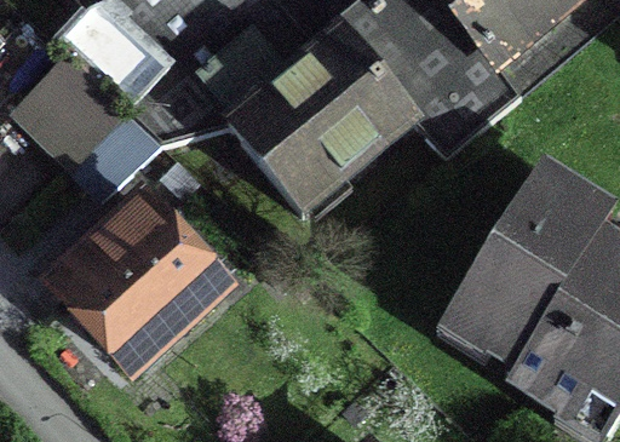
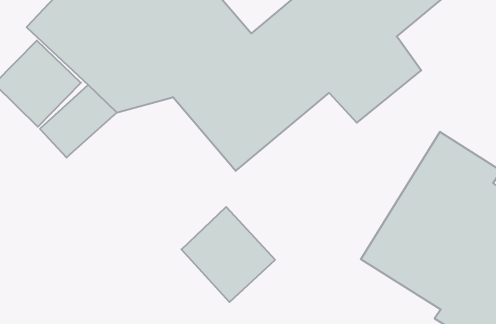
building: [38,182,219,362] -> none
building: none -> [181,207,275,302]

